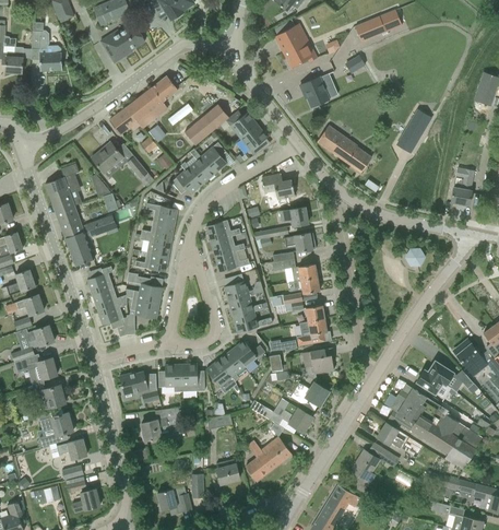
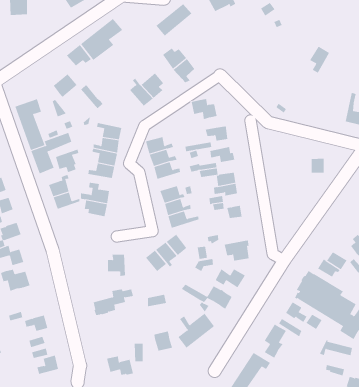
building: [299,75,335,107] -> none
building: [183,105,228,145] -> [156,4,192,37]
building: [317,126,371,173] -> none
building: [170,163,203,195] -> none
building: [97,301,127,330] -> [55,149,79,173]
building: [297,319,326,346] -> none
building: [180,364,204,391] -> none
building: [119,372,158,403] -> none
building: [39,413,74,436] -> none

